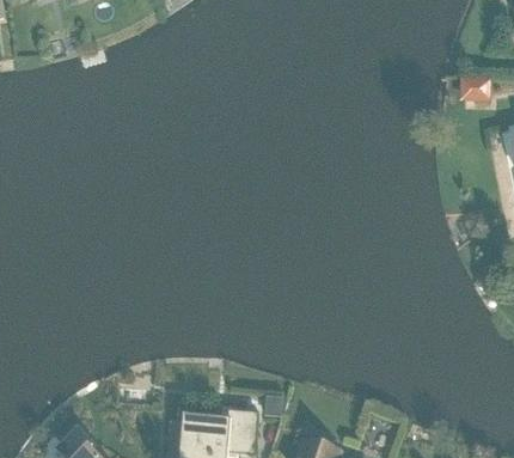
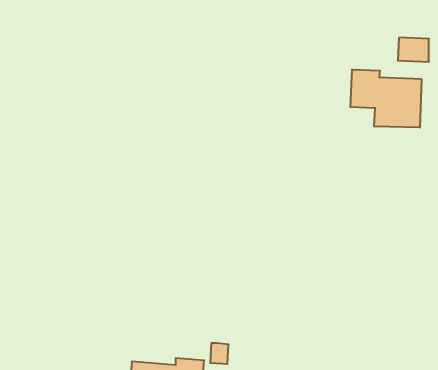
building: none -> [351,69,421,128]

